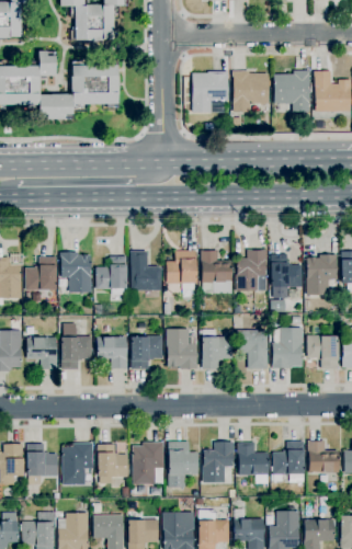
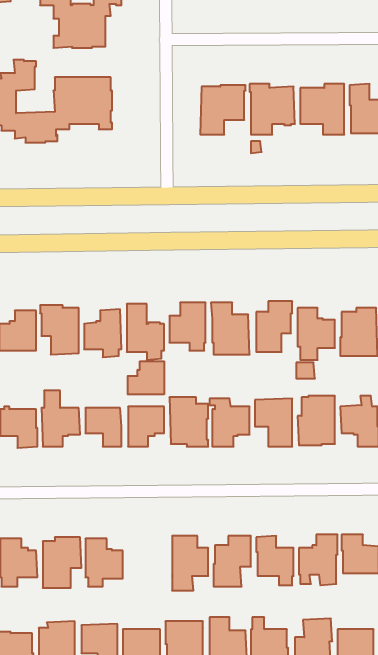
building: none -> [128,361,164,394]
building: [133,442,163,484] -> none

